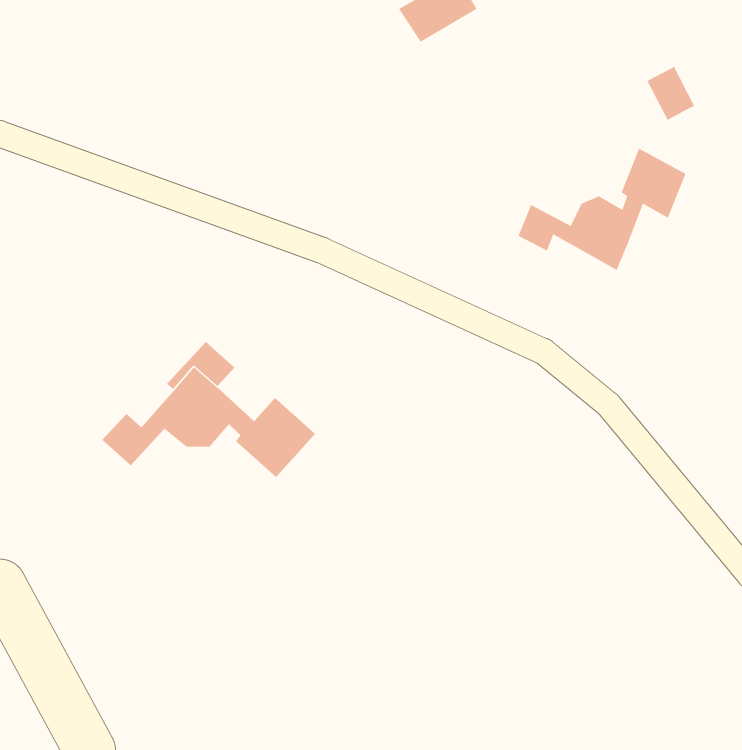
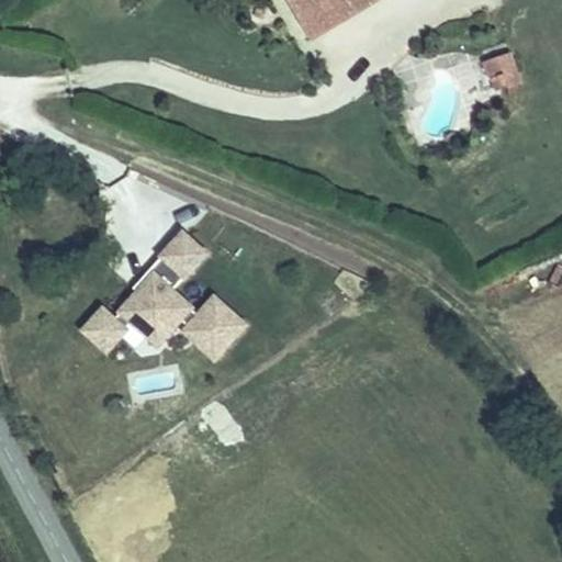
building: [518,148,686,271] -> none
building: none -> [160,232,203,274]

